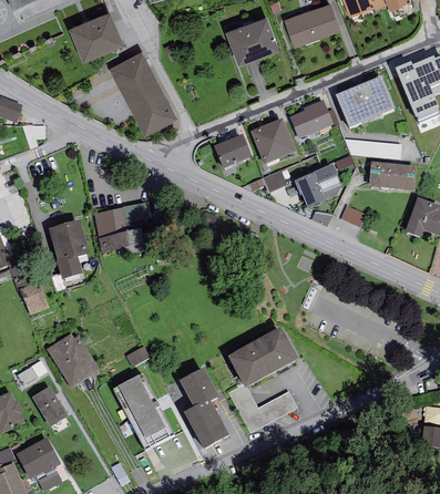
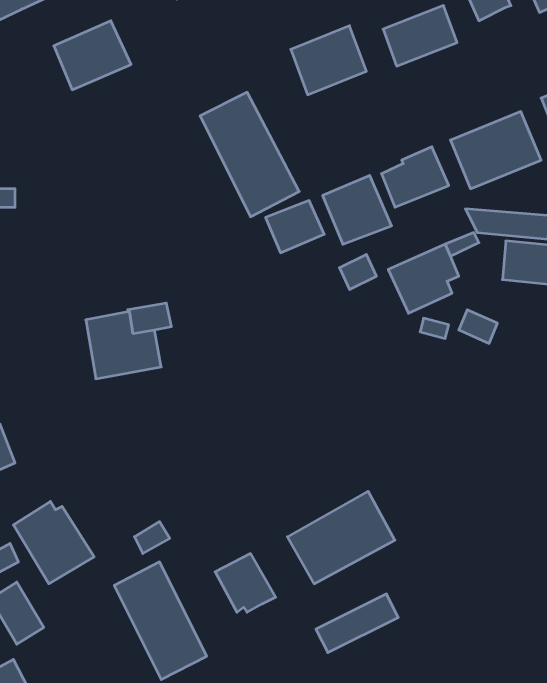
building: [114,54,180,136] -> [200,92,299,217]
building: [48,218,89,278] -> none
building: [184,400,229,447] -> none

